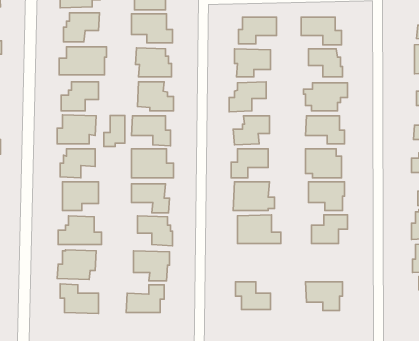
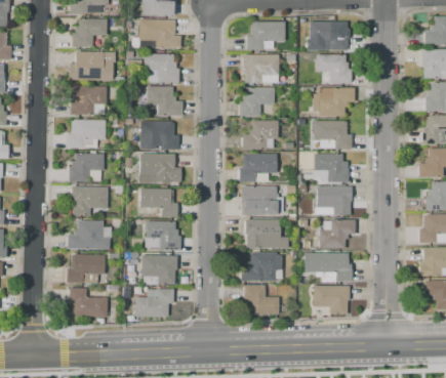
building: [104,116,125,147] -> none
building: none -> [241,252,282,282]
building: none -> [305,253,353,282]

